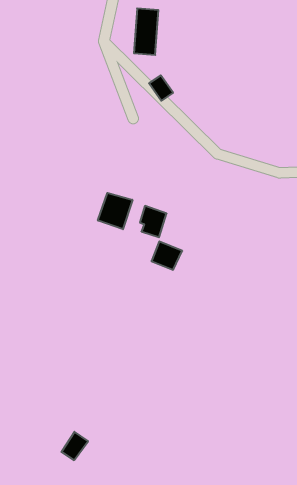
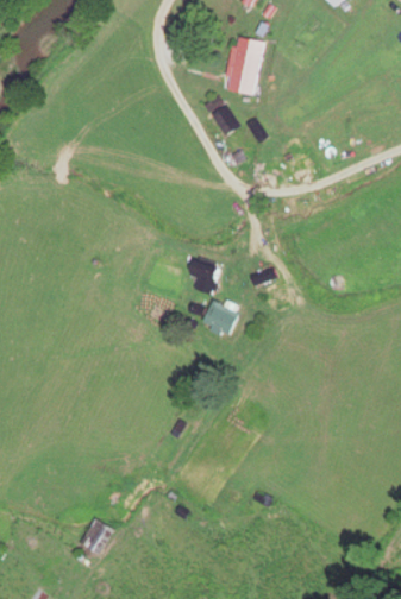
building: [134,8,158,55] -> [230,38,262,94]
building: [98,193,132,229] -> none

